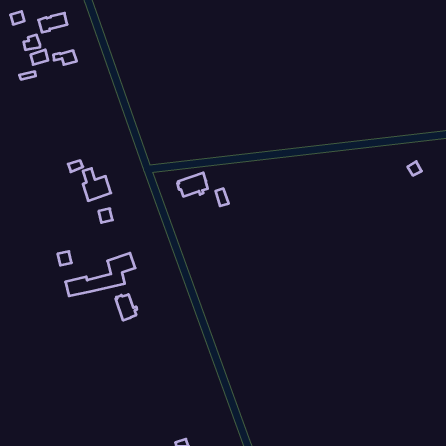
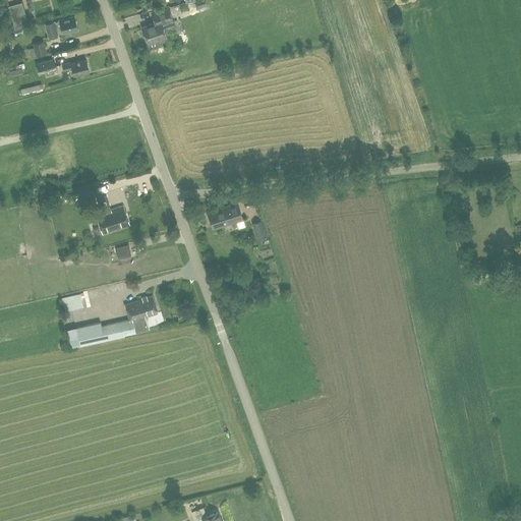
building: none -> [142,9,175,44]
building: [116,294,137,320] -> none

